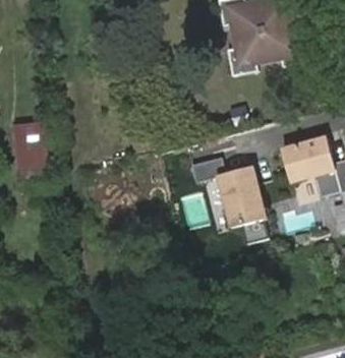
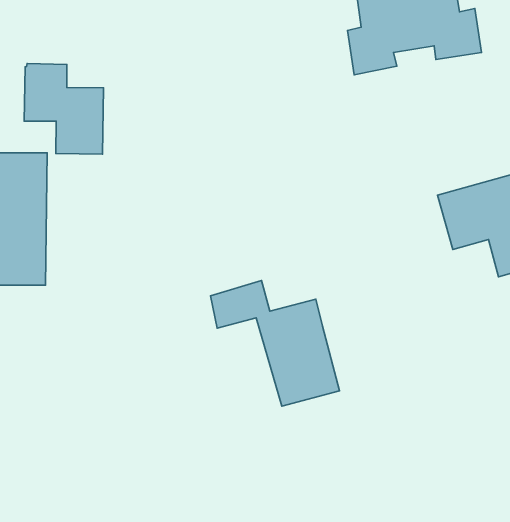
building: none -> [24,63,103,154]
building: [191,159,269,234] -> [210,280,340,406]

